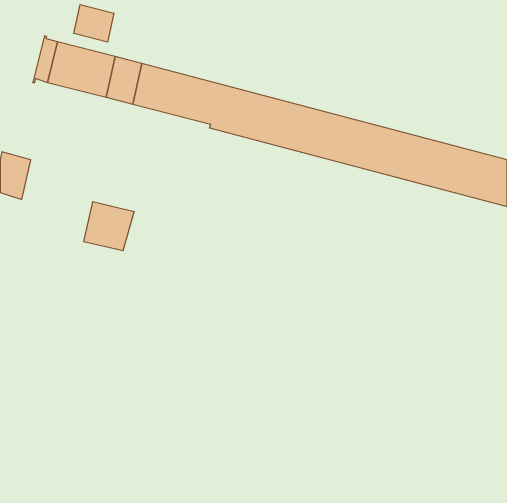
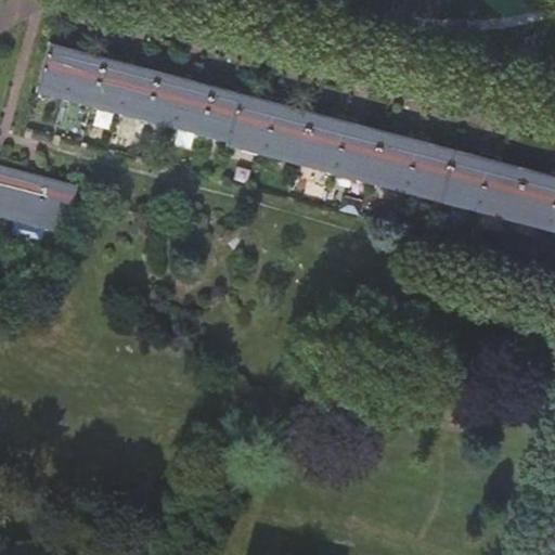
building: [74,5,114,42] -> none
building: [84,202,134,250] -> [24,179,79,232]

